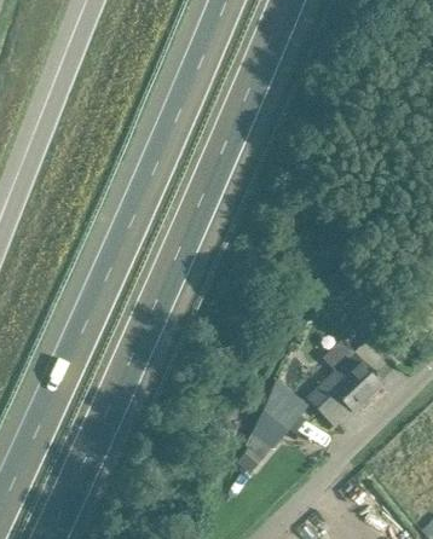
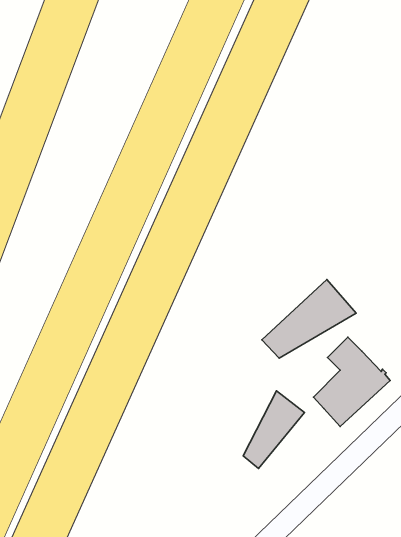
building: none -> [262,280,356,358]

